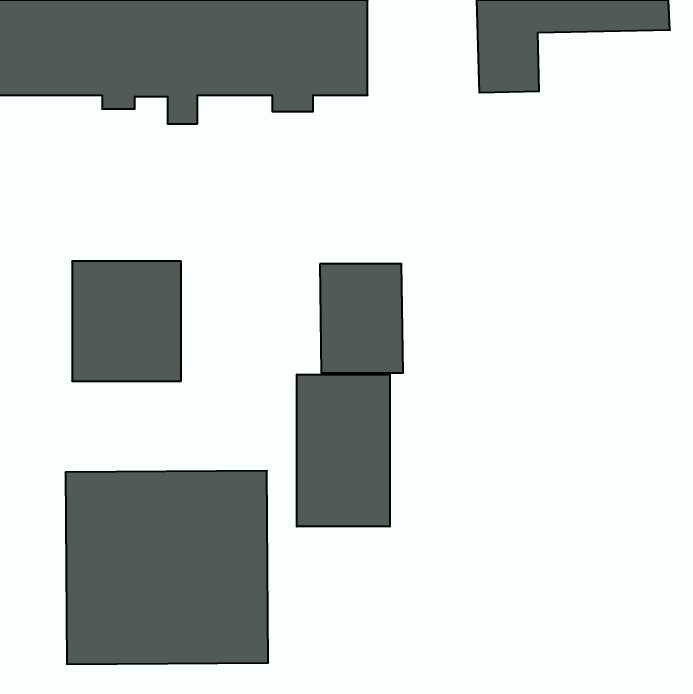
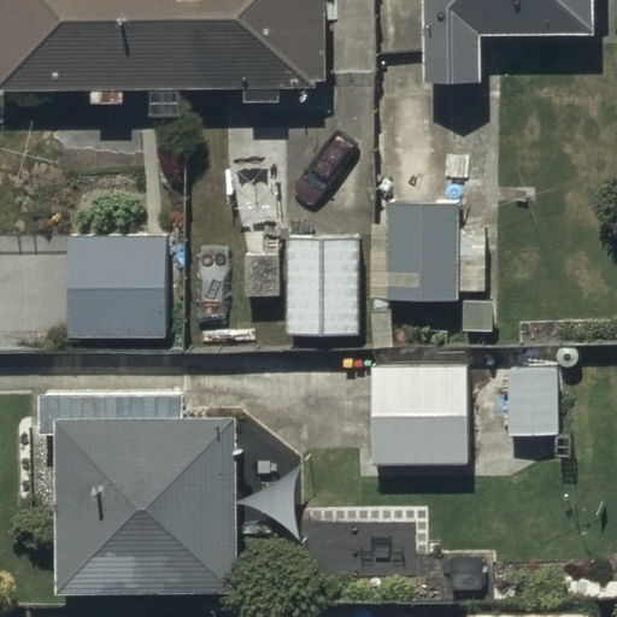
building: none -> [386,192,482,299]
building: [297,374,390,527] -> none
building: none -> [368,365,554,463]

